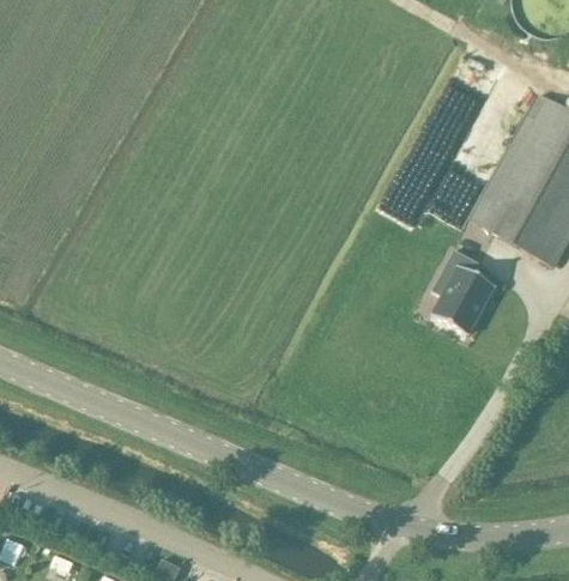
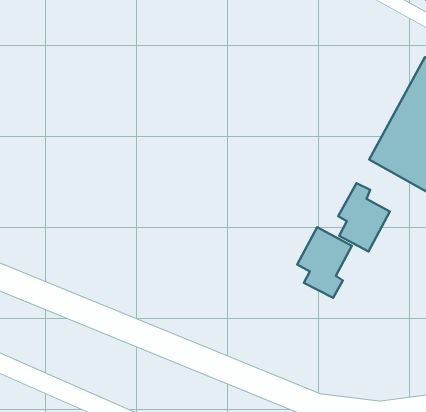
building: none -> [297,227,352,298]

